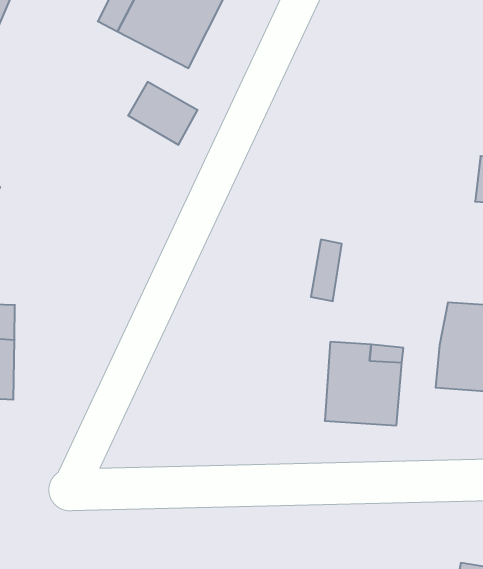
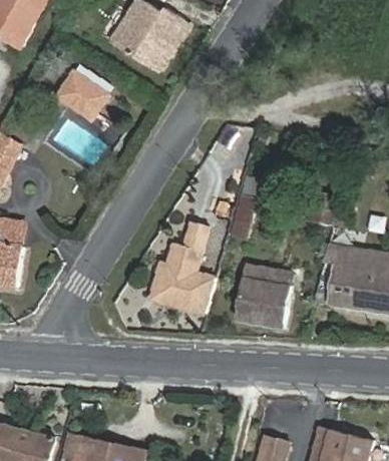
building: [128,82,198,145] -> [60,71,108,116]
building: none -> [149,222,214,315]

